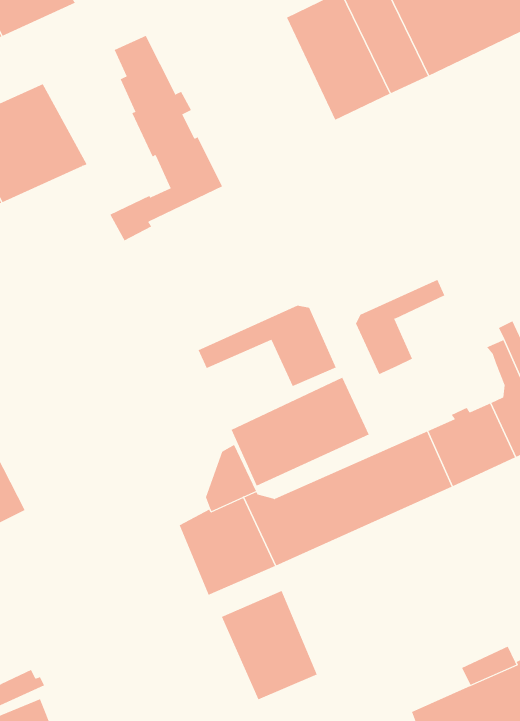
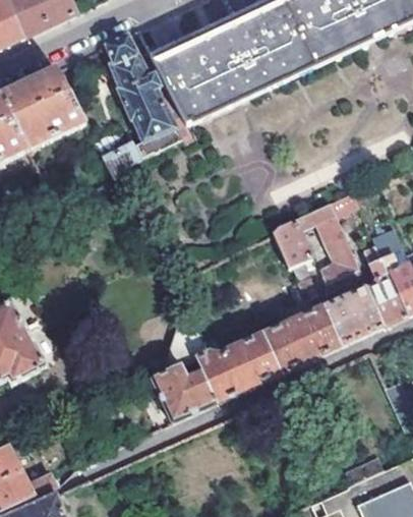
building: none -> [152,21,258,125]
building: none -> [319,219,358,284]
building: [198,305,337,387] -> none
building: [231,377,370,487] -> none
building: [221,590,317,700] -> none

